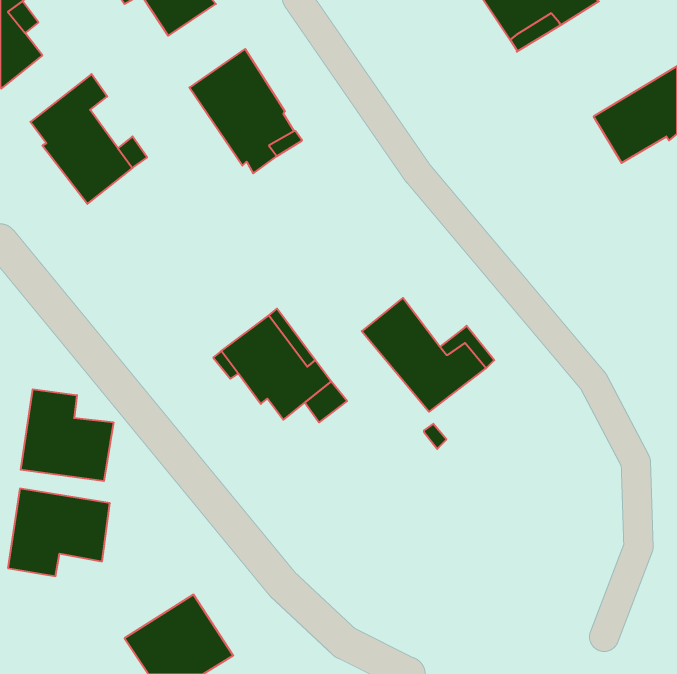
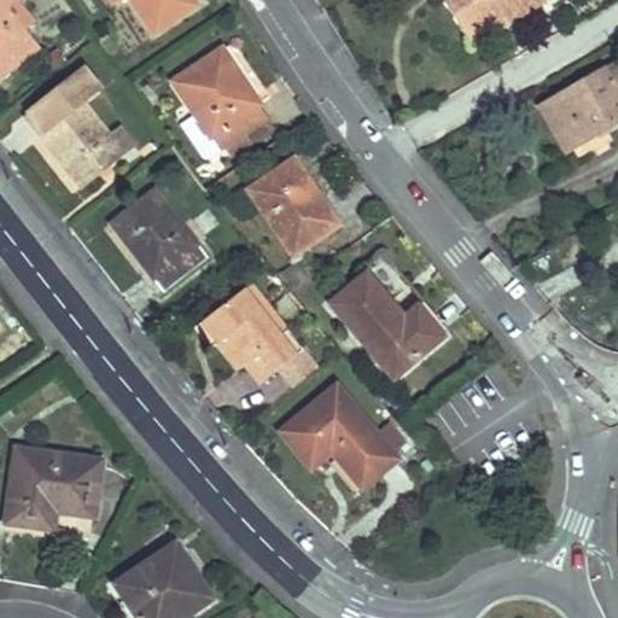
building: none -> [245,156,338,256]
building: none -> [112,188,206,288]
building: [21,389,113,481] -> none
building: none -> [278,383,396,486]

